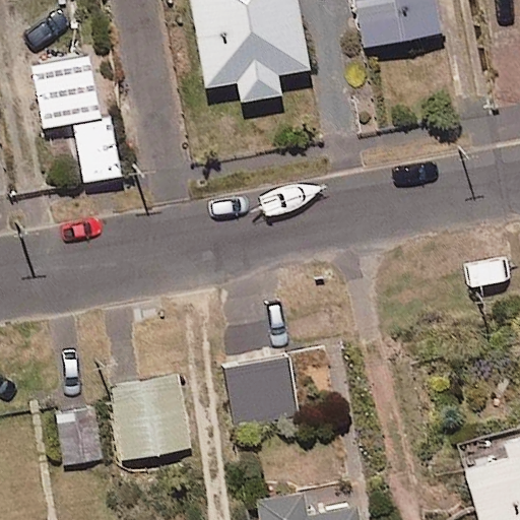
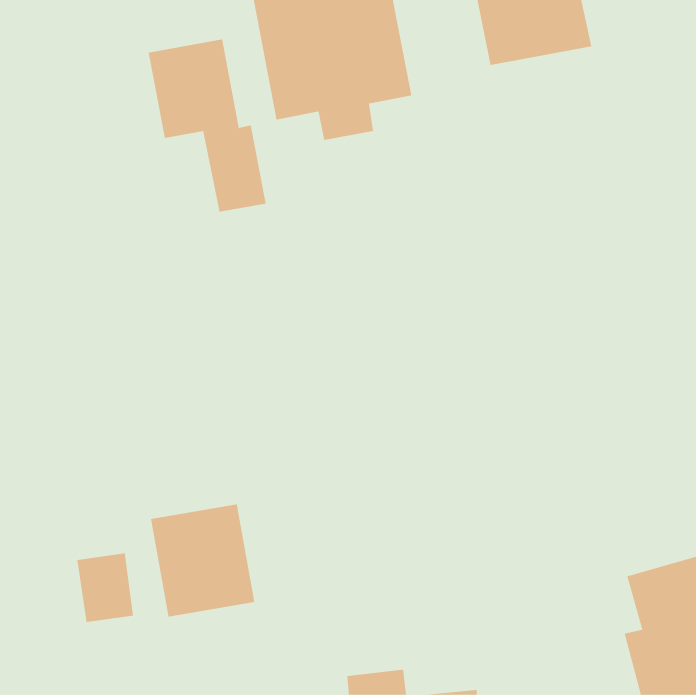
building: [31,54,120,183] -> [148,39,267,212]
building: [229,359,300,428] -> none

